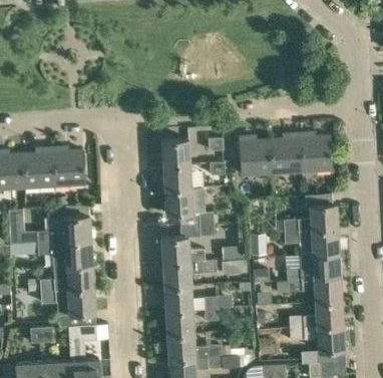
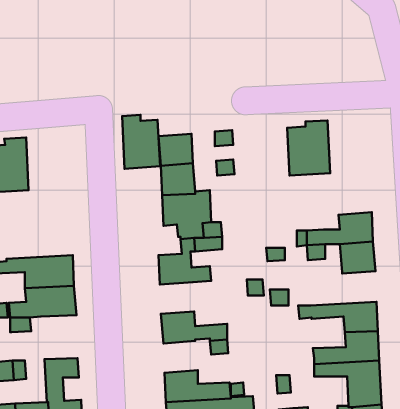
building: [301,129,331,173] -> none
building: [240,132,270,176] -> none
building: [54,143,85,187] -> [122,115,160,169]
building: [37,217,92,244] -> none
building: [286,254,341,282] -> none
building: [163,263,192,289] -> none
building: [66,290,96,315] -> none
building: [166,311,195,337] -> none

